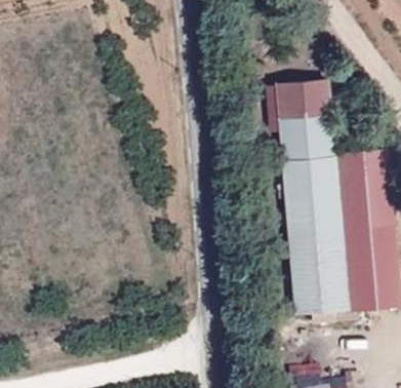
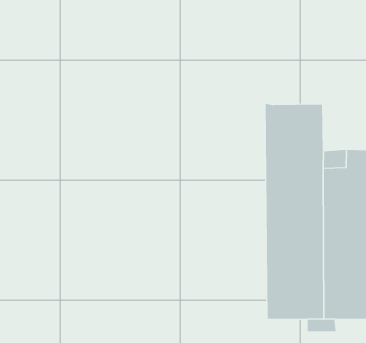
building: [274,78,330,117] -> none

